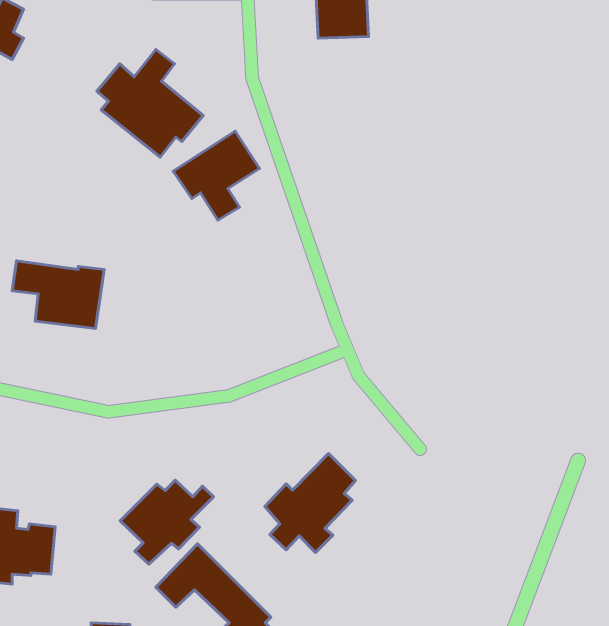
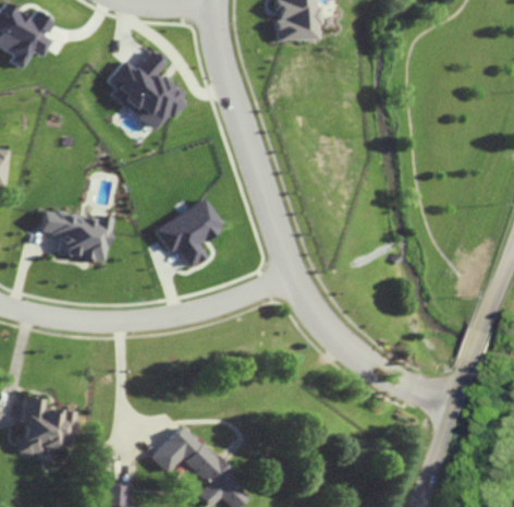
building: [173,131,260,220] -> [155,201,220,268]
building: [265,453,355,553] -> none
building: [120,480,213,564] -> none

